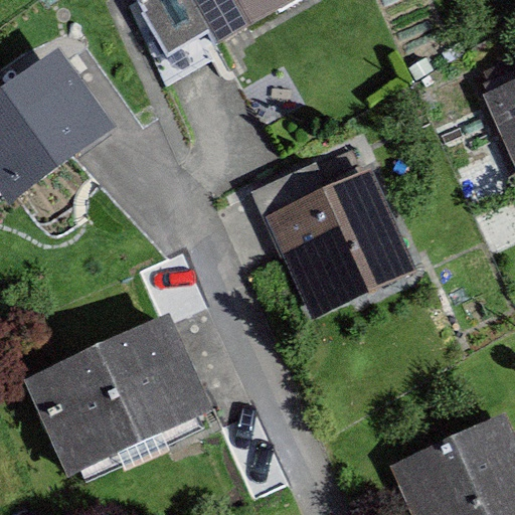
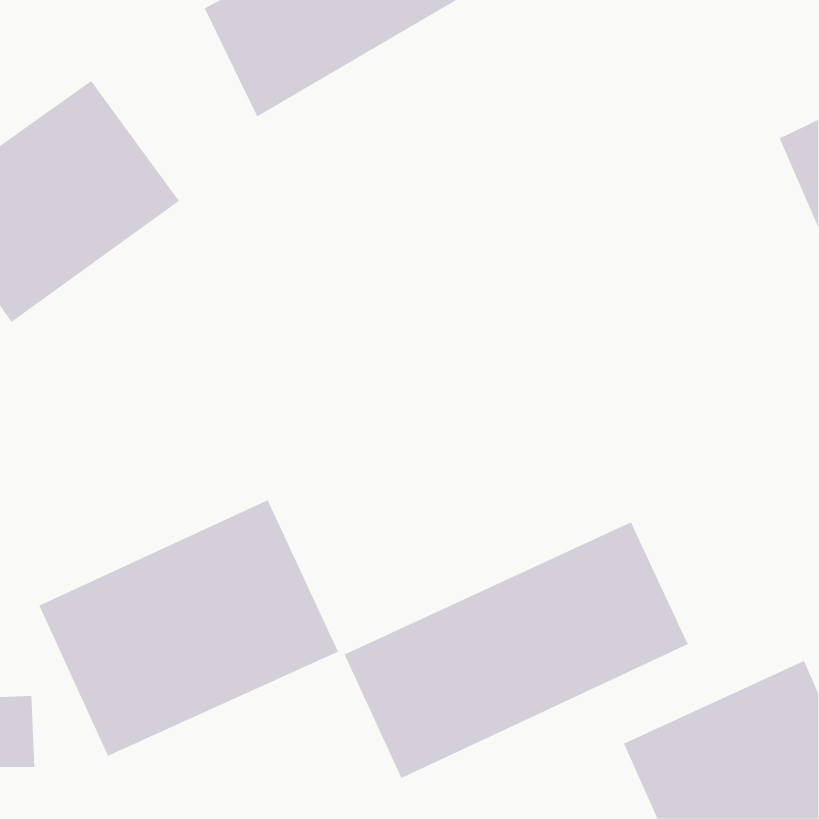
building: [251,163,419,321] -> none
building: none -> [344,522,689,779]

